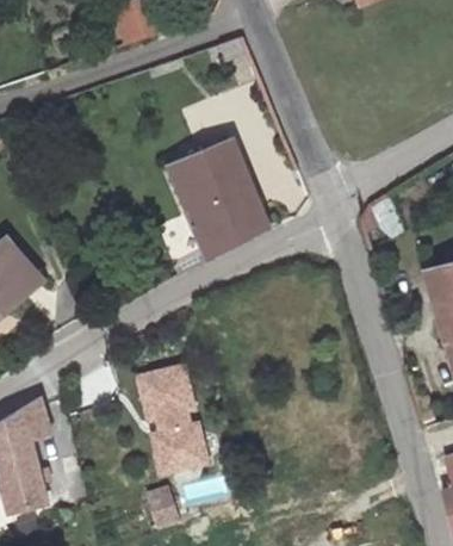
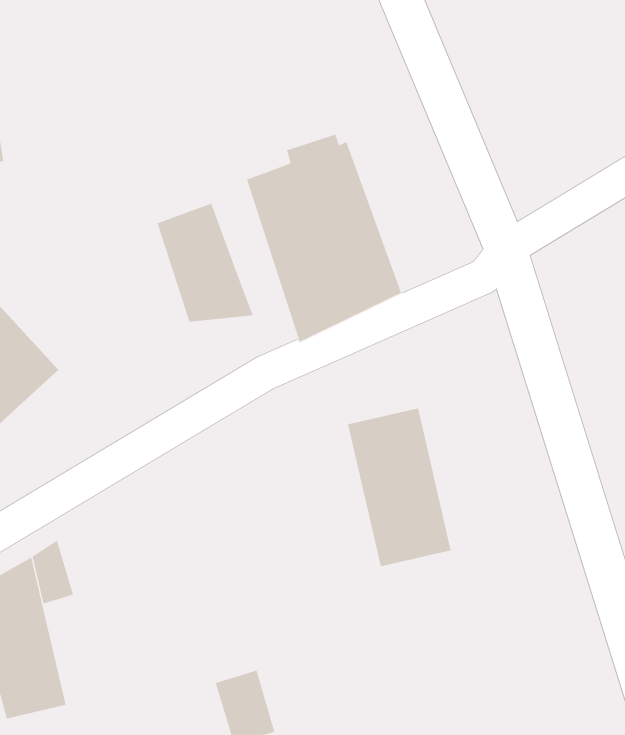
building: none -> [157,203,254,323]
building: [137,367,205,471] -> [347,408,452,567]

